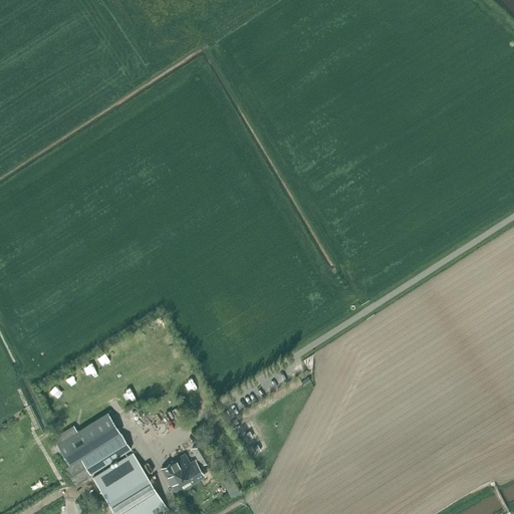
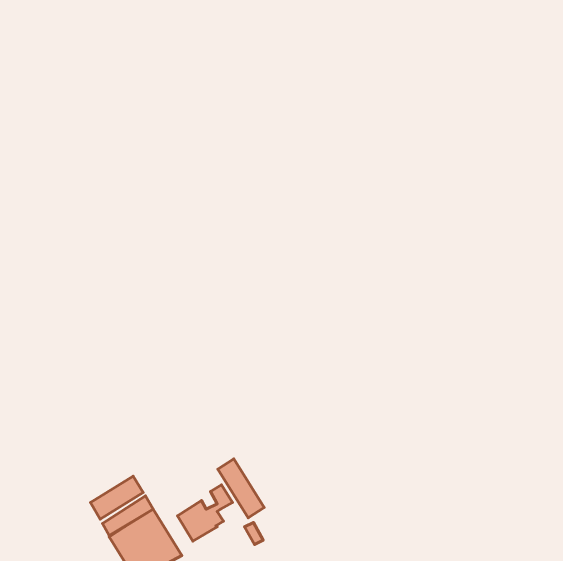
building: [48,414,120,466] -> none
building: none -> [218,459,264,518]

